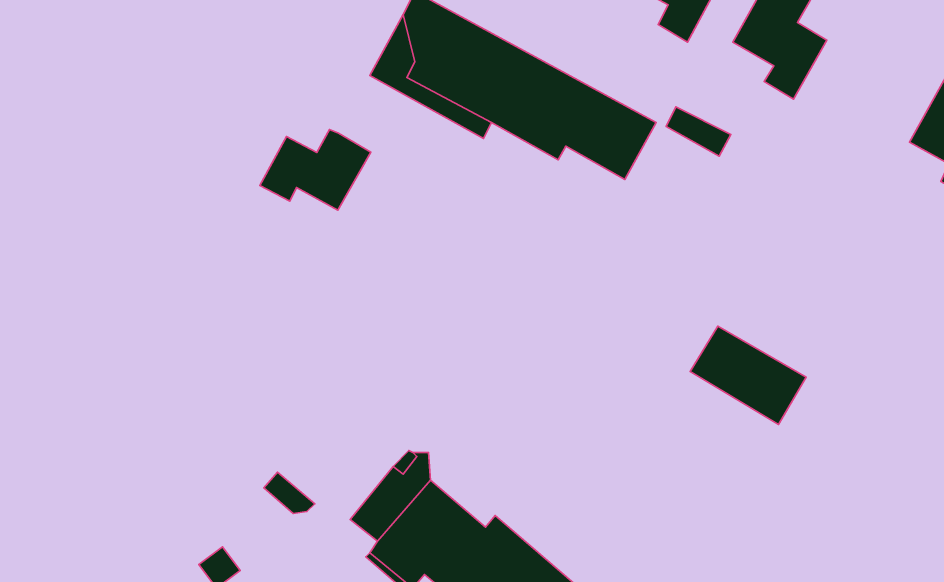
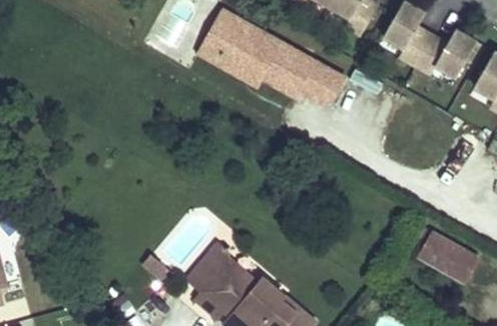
building: none -> [415,29,477,77]
building: [260,129,371,210] -> none
building: [690,326,806,424] -> [419,232,478,282]

